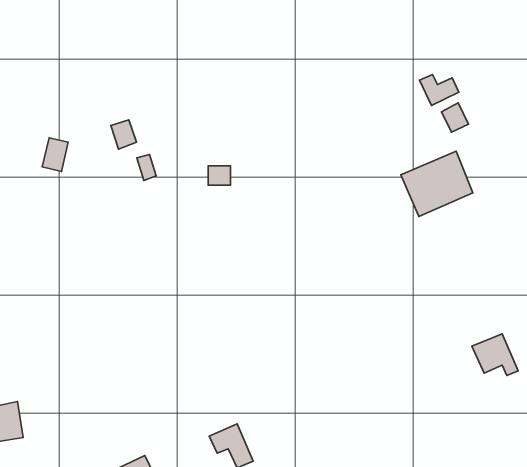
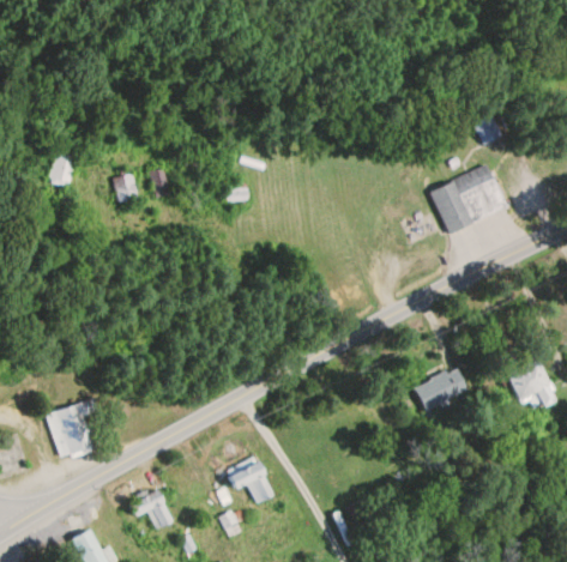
building: [419,75,459,106] -> none
building: [111,120,137,149] -> [111,174,139,205]
building: none -> [414,368,466,410]
building: none -> [46,398,98,459]

